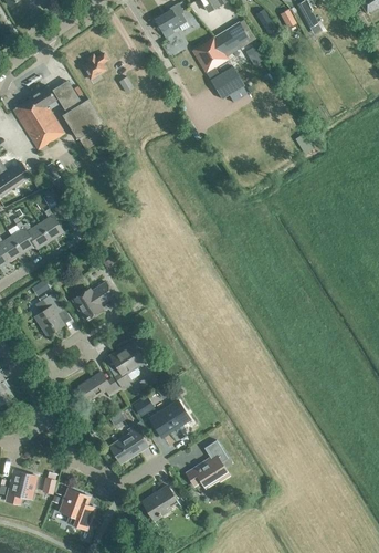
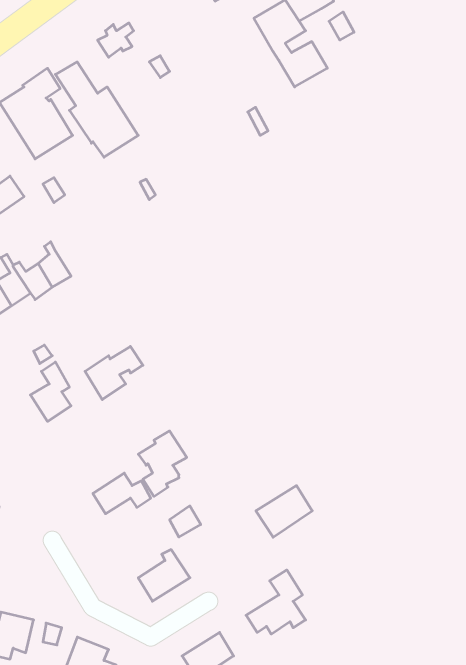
building: [149,400,189,437] -> [256,486,312,537]

